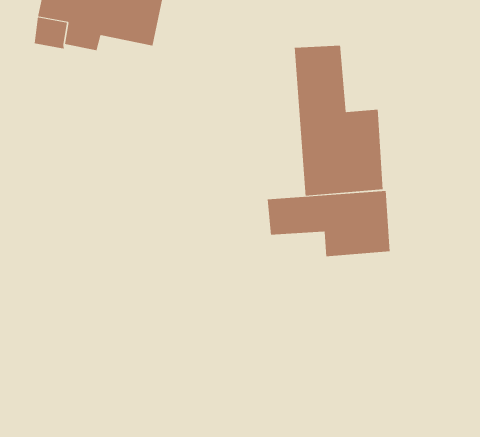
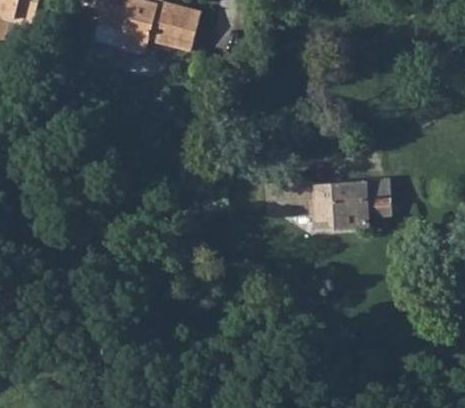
building: [294,45,383,196] -> none
building: none -> [368,180,392,218]

